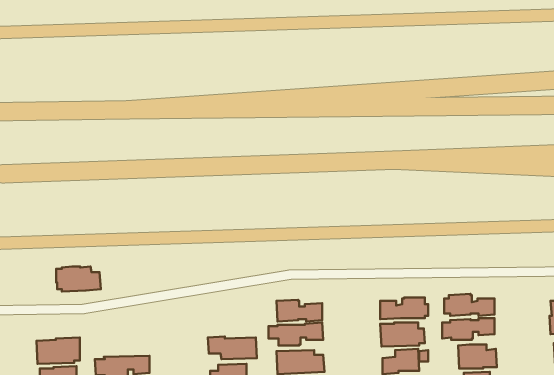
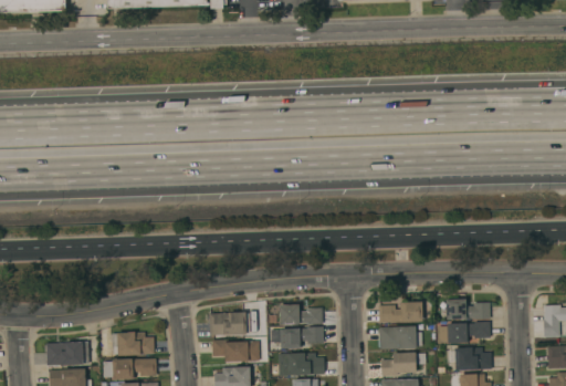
building: [56,266,101,292] -> [112,332,155,356]
building: none -> [210,312,247,336]

